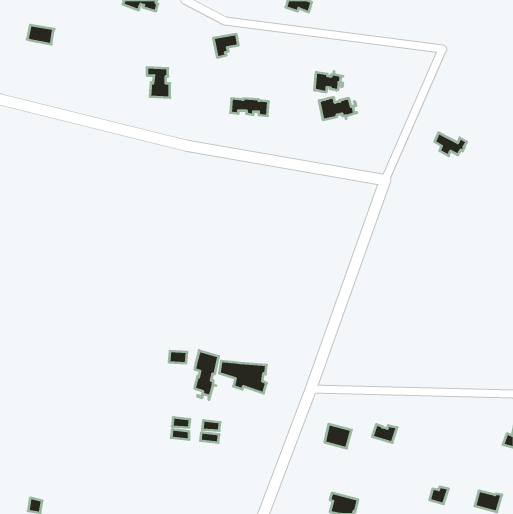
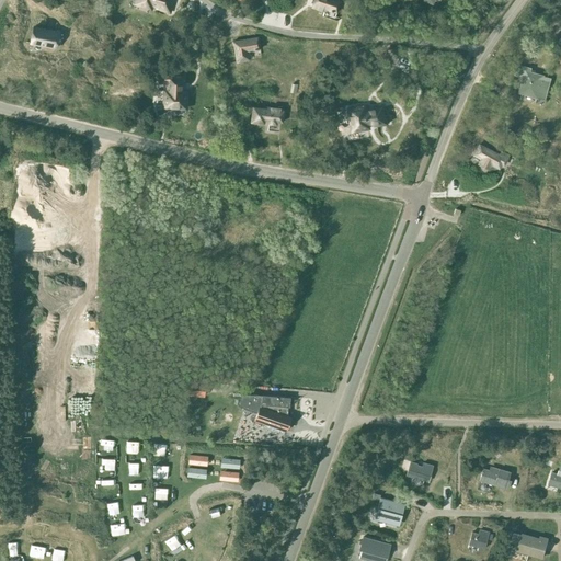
building: none -> [517,66,551,98]
building: [315,71,343,92] -> none
building: [195,350,219,400] -> none
building: [325,424,352,448] -> [376,497,405,524]
building: none -> [480,468,511,489]

